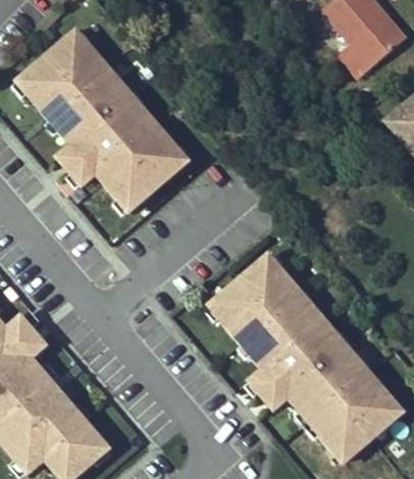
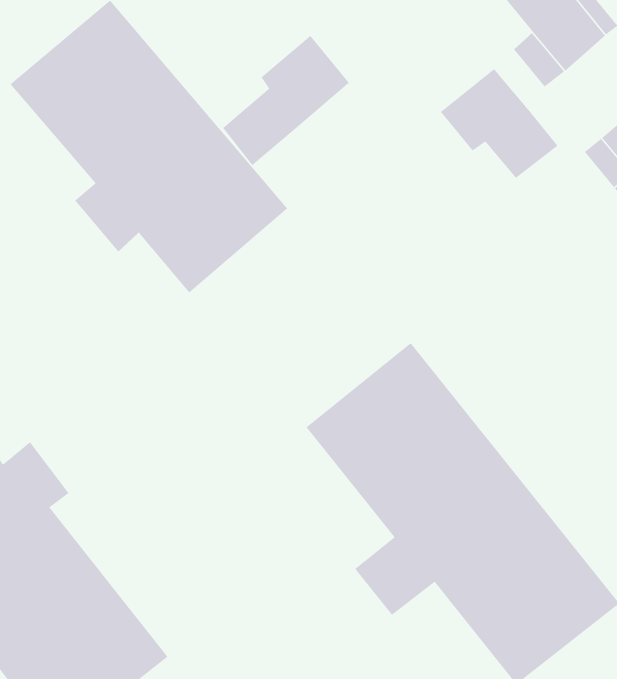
building: none -> [222,35,350,166]
building: none -> [440,68,559,179]

